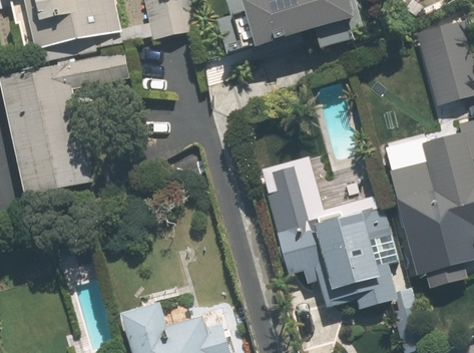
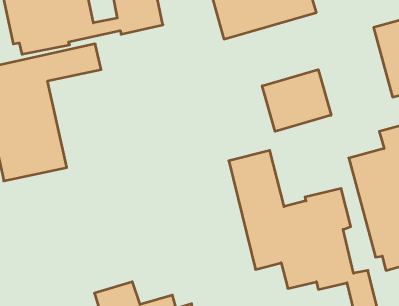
building: none -> [262,70,331,131]

